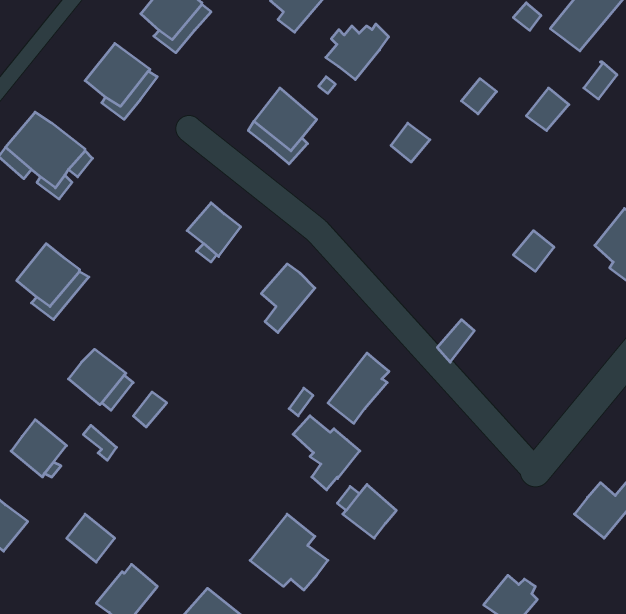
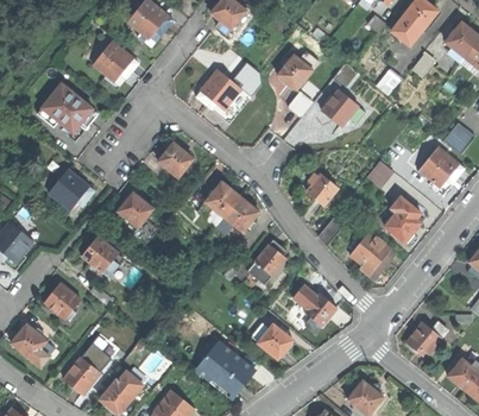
building: [326,24,389,80] -> [277,53,317,89]
building: none -> [321,89,357,126]
building: none -> [305,172,338,204]
building: none -> [118,193,152,227]
building: none -> [383,196,420,241]
building: none -> [215,197,258,233]
building: none -> [349,231,396,279]
building: [293,416,360,490] -> [292,285,335,333]
building: none -> [63,358,99,393]

